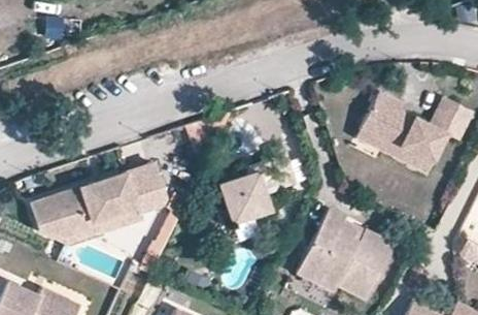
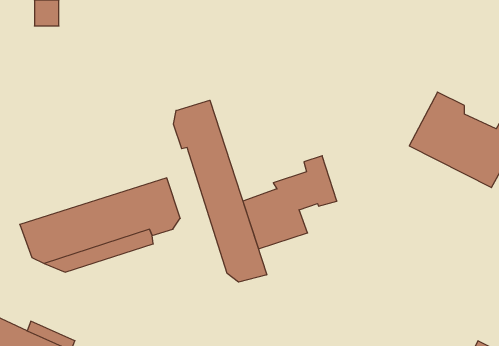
building: none -> [173,100,267,282]
building: [299,209,397,302] -> none

